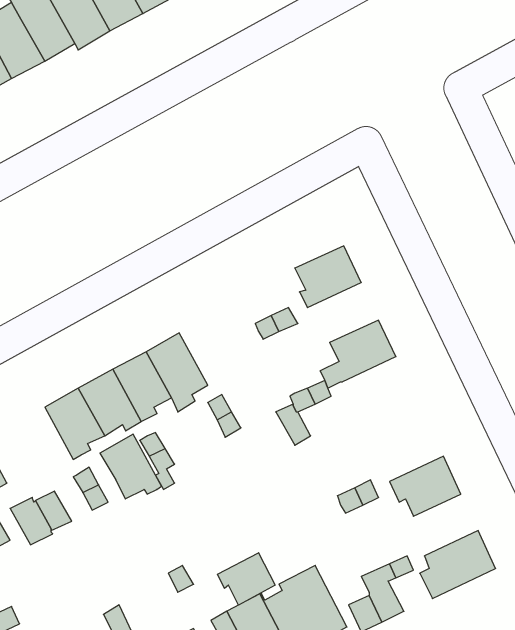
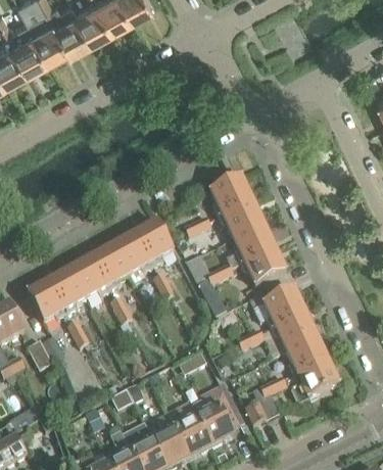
building: none -> [218,202,264,241]
building: none -> [135,223,173,269]
building: none -> [240,250,286,289]
building: none -> [248,291,305,331]
building: [100,434,162,499] -> [27,283,66,325]
building: none -> [286,339,328,379]
building: [218,553,275,605] -> none

